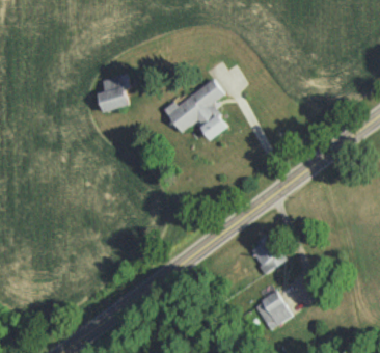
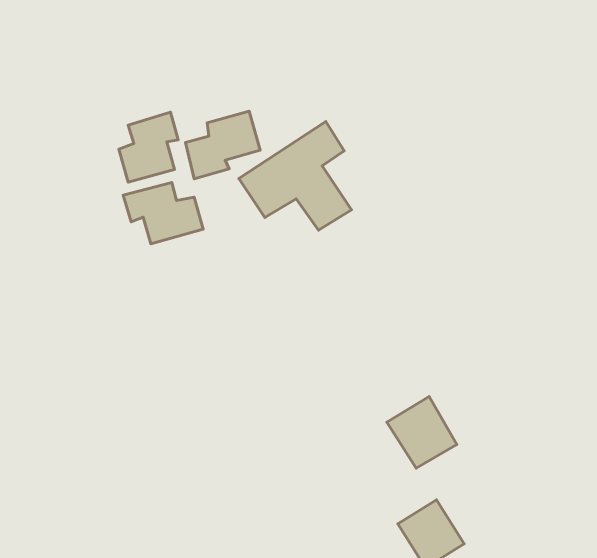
building: none -> [185,111,260,179]
building: none -> [123,183,203,244]

